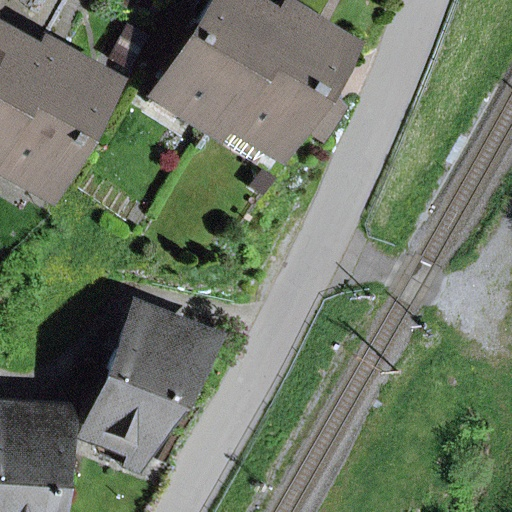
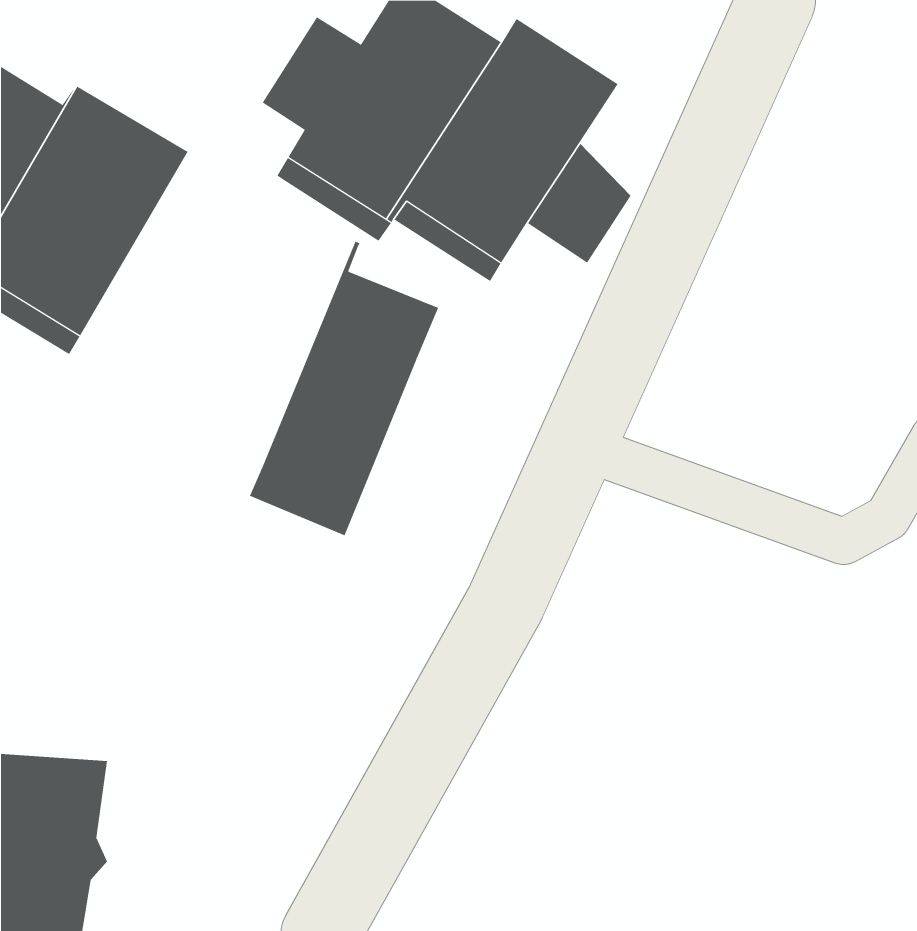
building: none -> [249,241,439,536]
building: [81,314,210,452] -> none

